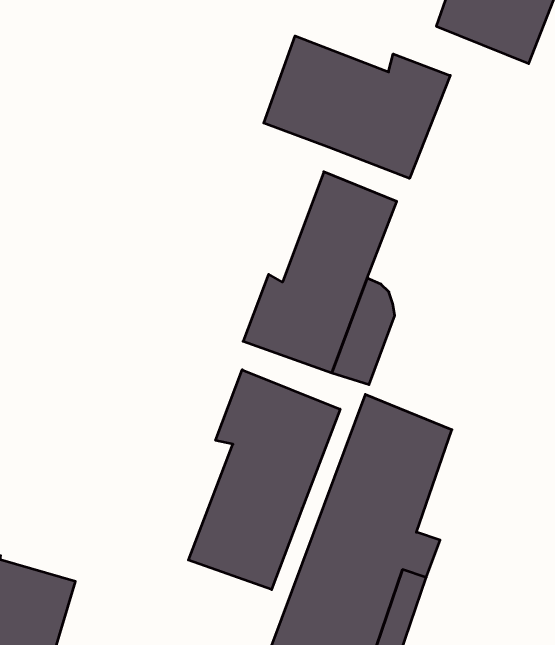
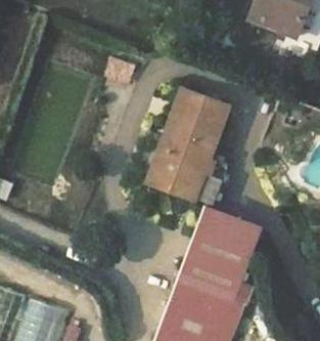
building: [264,36,450,178] -> none
building: [188,370,340,590] -> none

